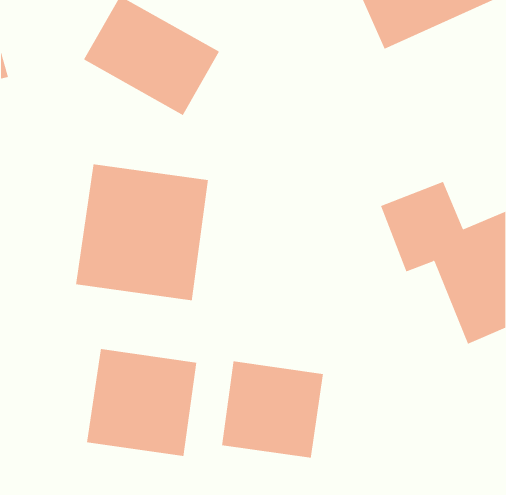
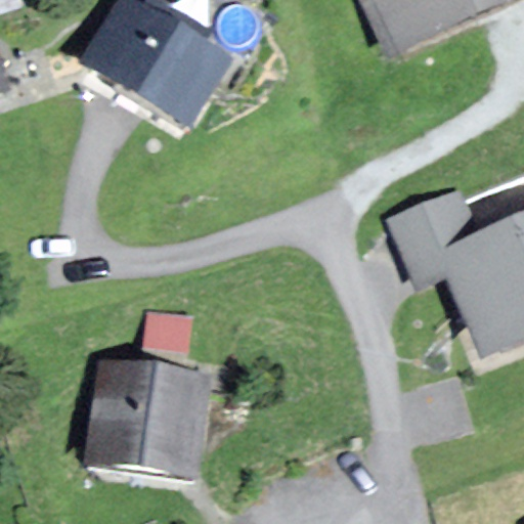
building: [76,163,209,301] -> none
building: [222,361,323,458] -> none

